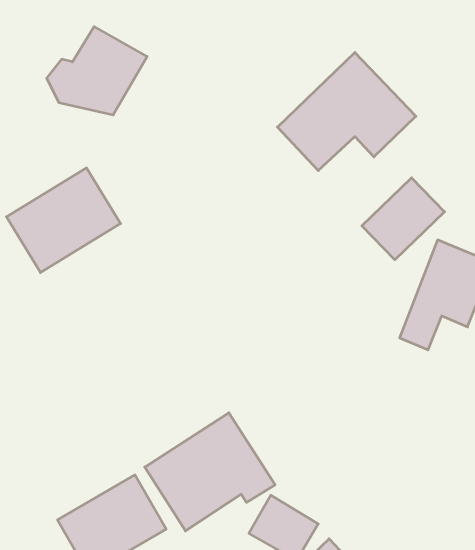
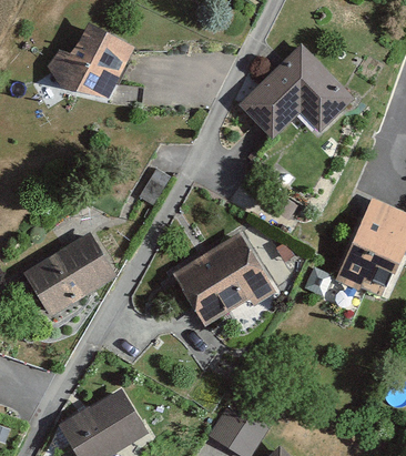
building: [6,168,121,273] -> [23,231,116,316]
building: [362,178,445,260] -> none
building: [145,413,275,531] -> [170,230,276,326]

